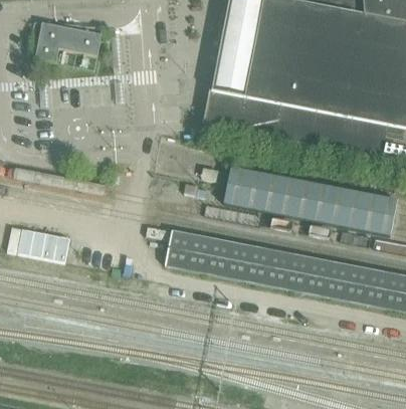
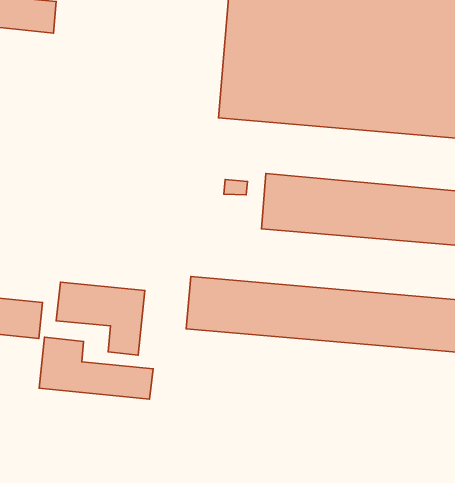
building: none -> [56,282,145,355]
building: none -> [39,337,153,399]

